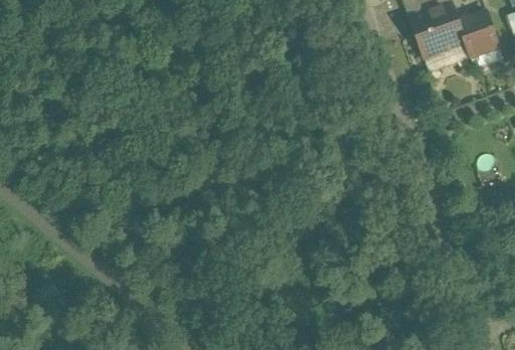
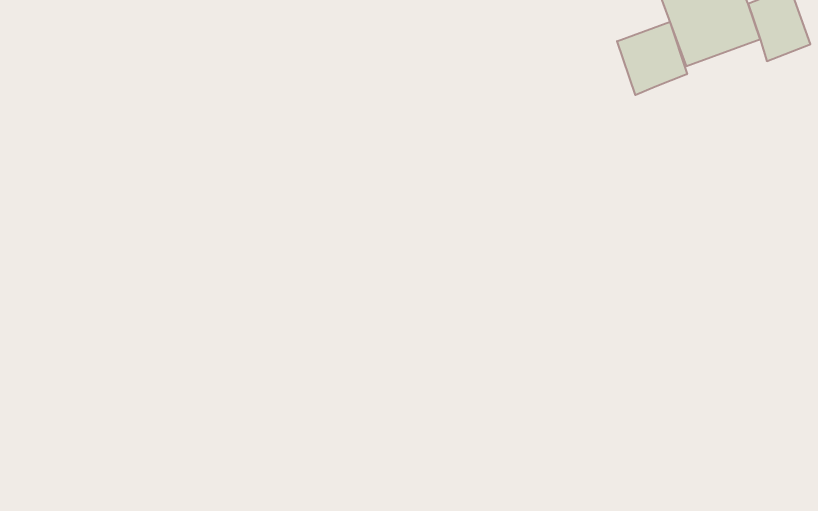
building: none -> [617,22,687,95]

